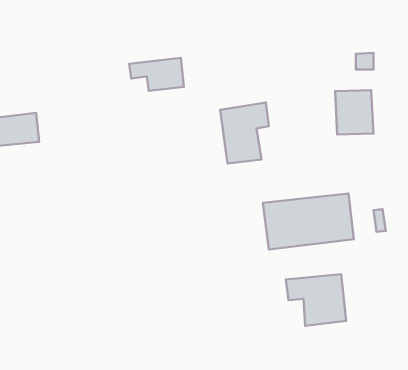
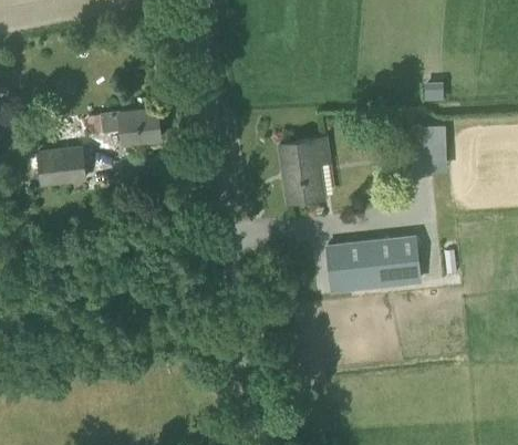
building: [129,58,184,91] -> [101,108,159,144]
building: [286,274,346,326] -> none

